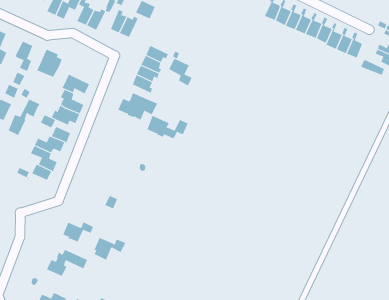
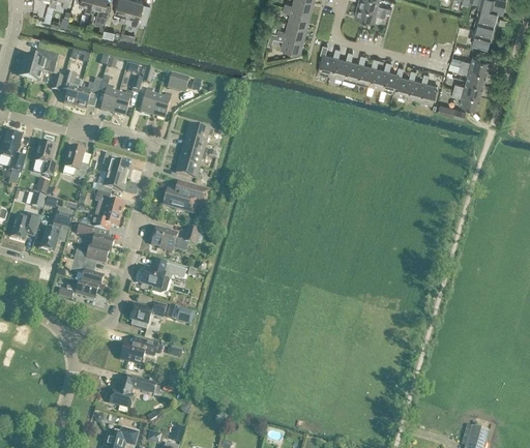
building: [168,58,192,86] -> none
building: none -> [102,153,131,180]
building: [147,115,189,139] -> [152,228,200,251]
building: none -> [141,261,186,295]
building: [94,237,126,260] -> [130,303,167,330]

